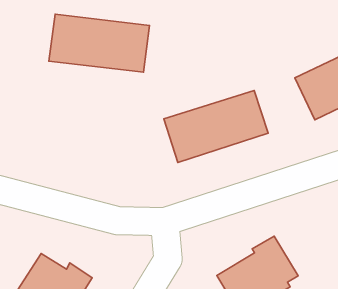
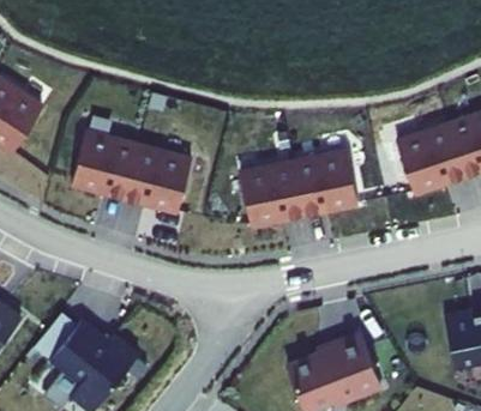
building: [49,14,150,72] -> [71,135,193,214]

